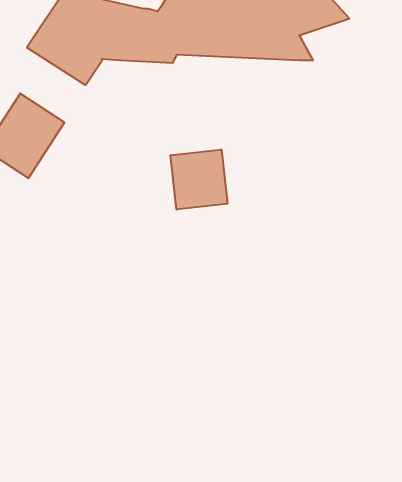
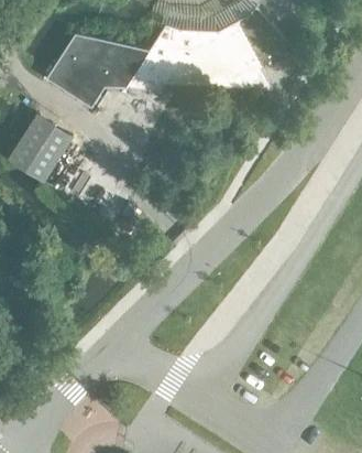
building: [171,149,227,210] -> none

